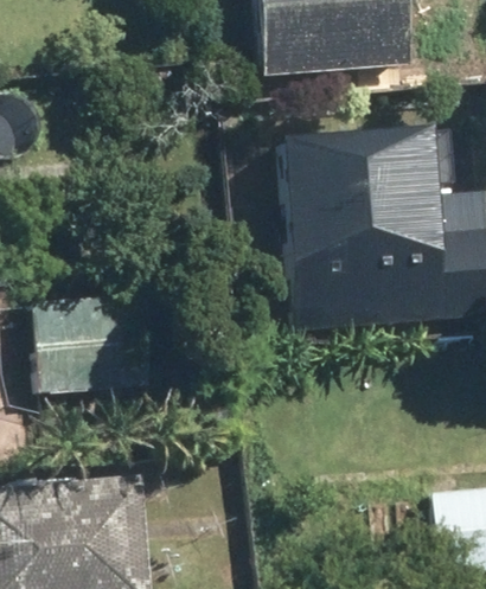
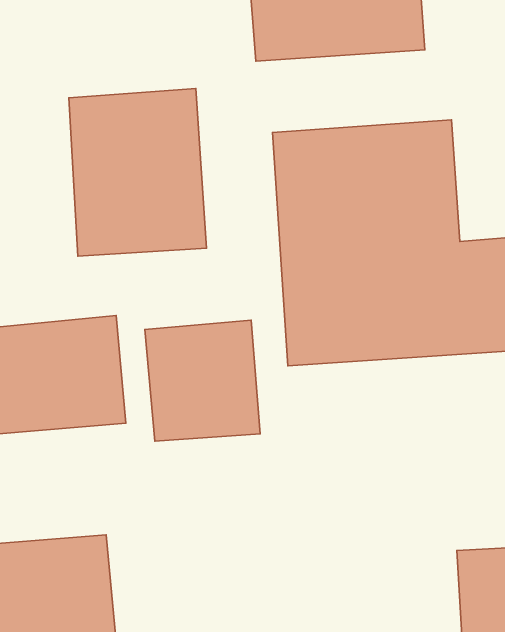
building: none -> [69,88,207,256]
building: none -> [145,320,260,441]

